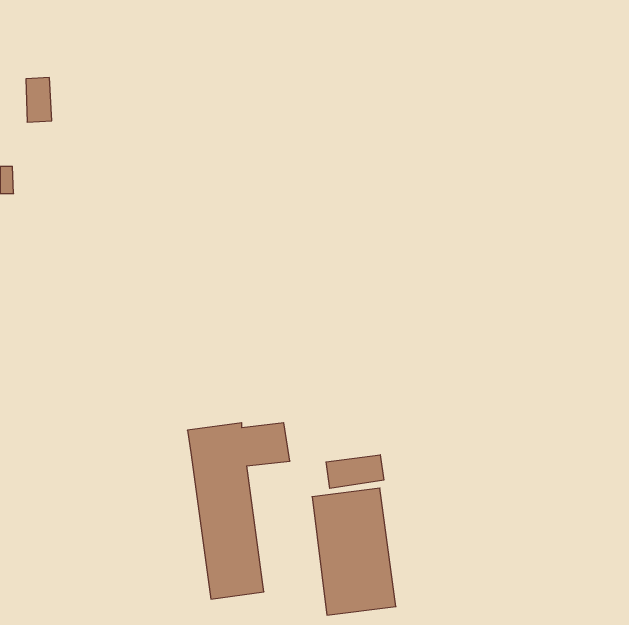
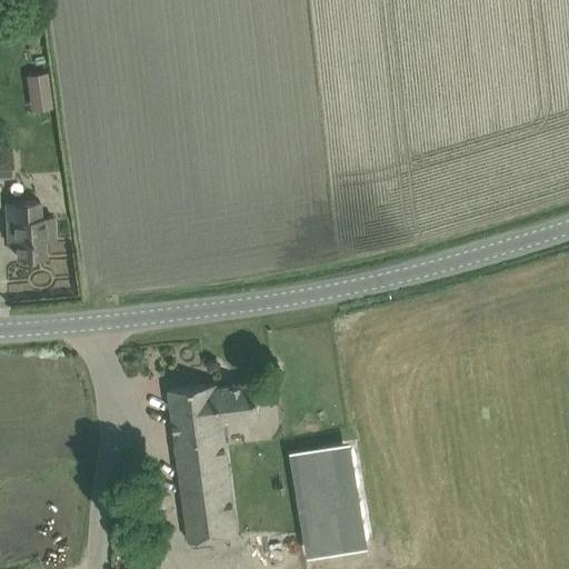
building: none -> [8,204,54,260]
building: [326,455,384,488] -> none

